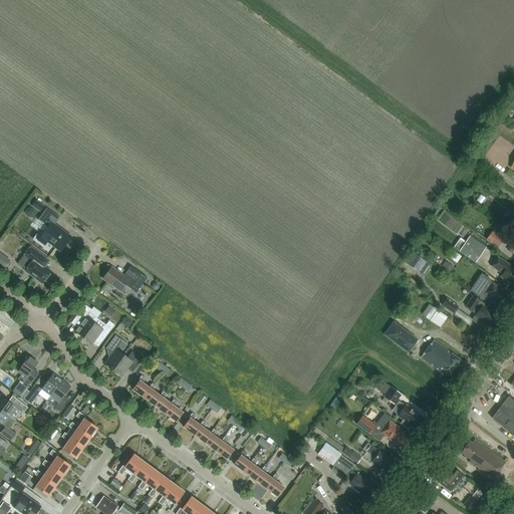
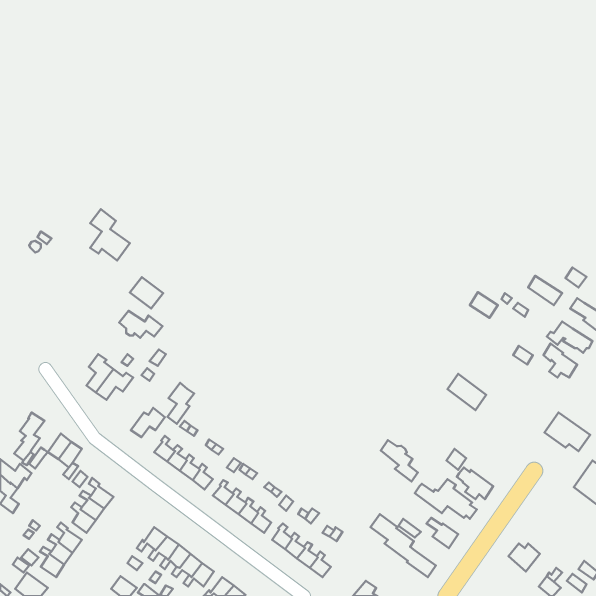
building: [38,207,72,251] -> [90,209,130,261]
building: none -> [130,277,163,308]
building: [18,245,51,282] -> none
building: [105,334,128,369] -> [167,383,194,424]
building: [423,340,462,373] -> [545,412,590,451]
building: none -> [381,440,418,481]
building: [463,440,507,480] -> none

